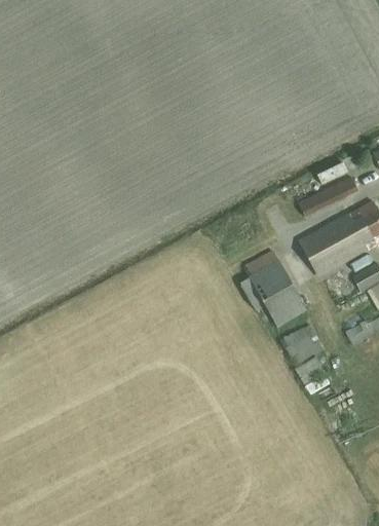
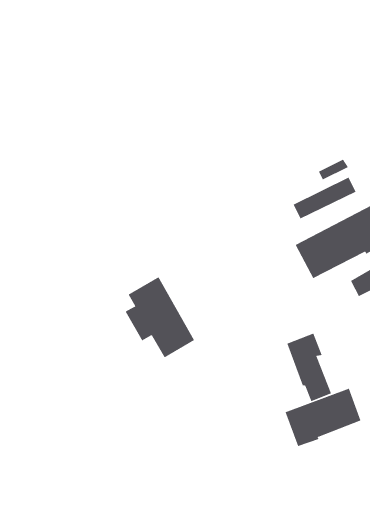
building: [238,248,306,327] -> [125,277,195,358]
building: none -> [285,388,361,447]

